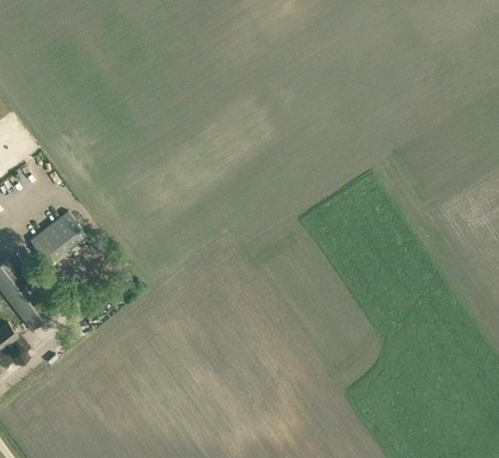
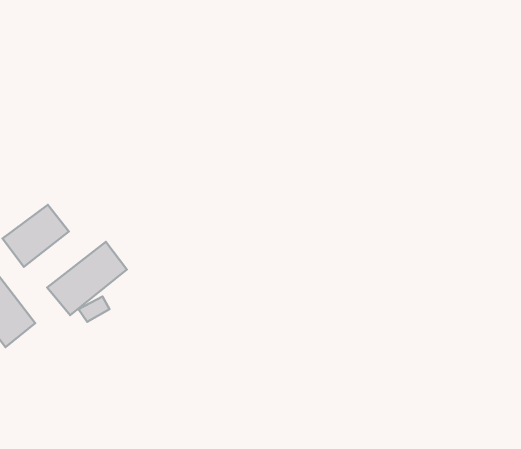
building: none -> [47,242,127,315]

